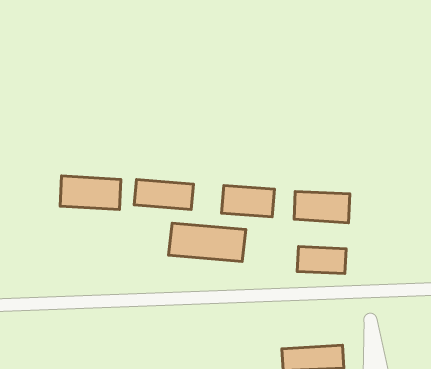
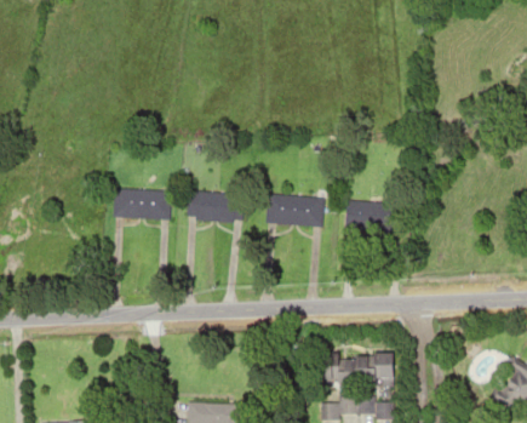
building: [169,223,246,261] -> none
building: [297,247,346,273] -> none

